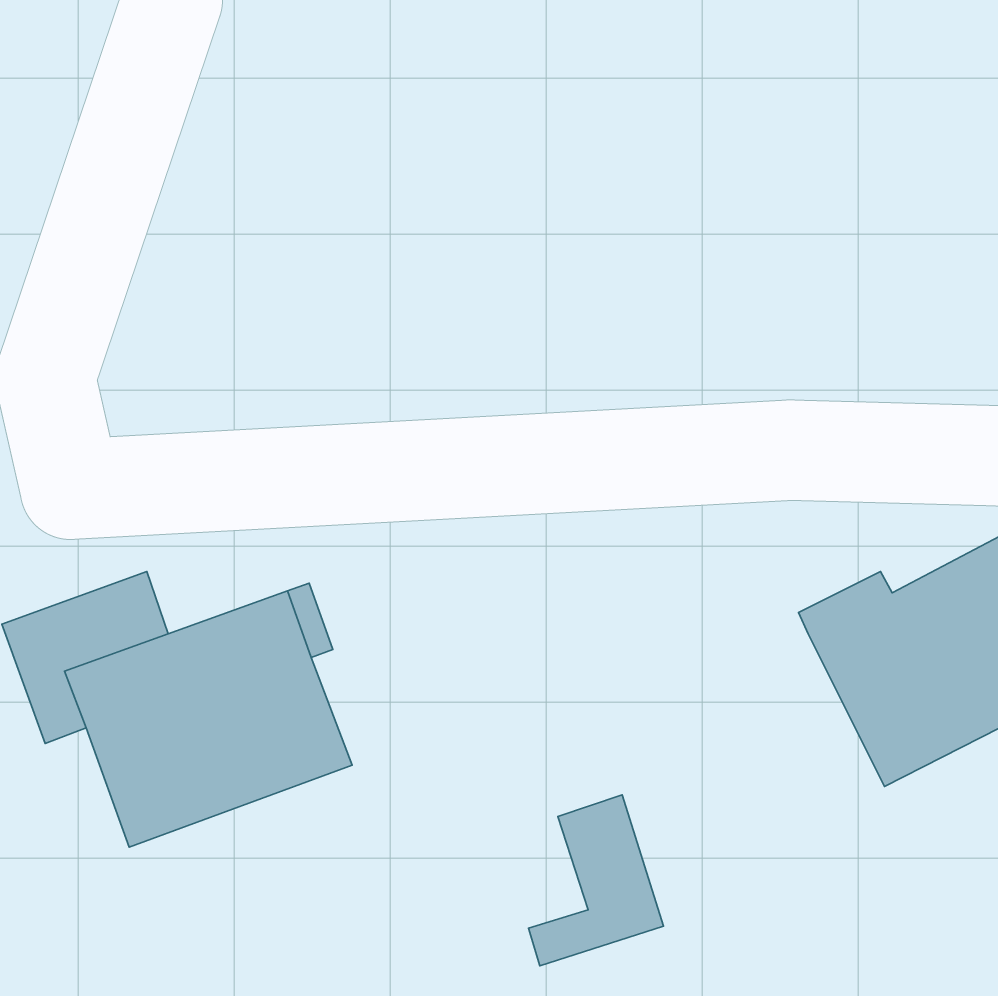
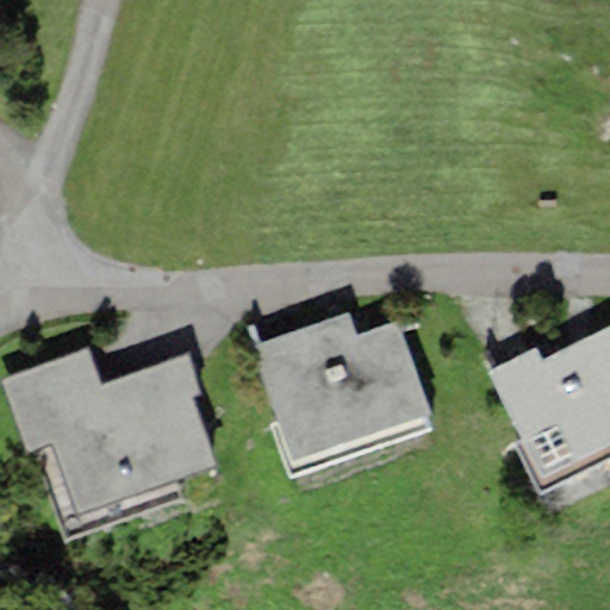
building: none -> [253,312,430,461]
building: [529,795,664,966] -> none

